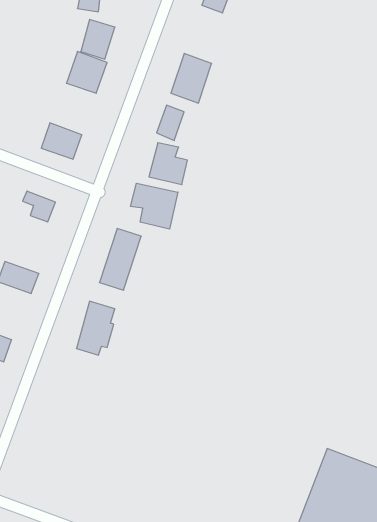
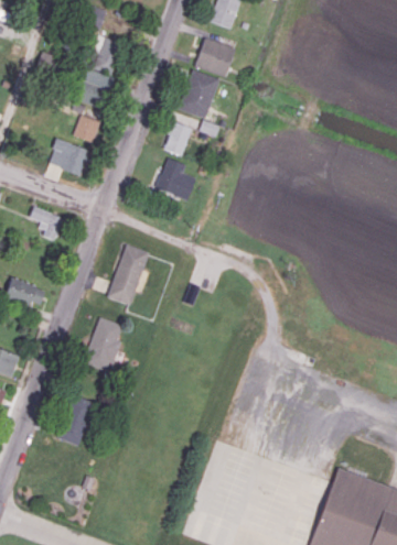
building: none -> [195,37,236,77]
building: none -> [73,115,100,143]
building: [130,183,178,229] -> none
building: none -> [57,395,98,446]

